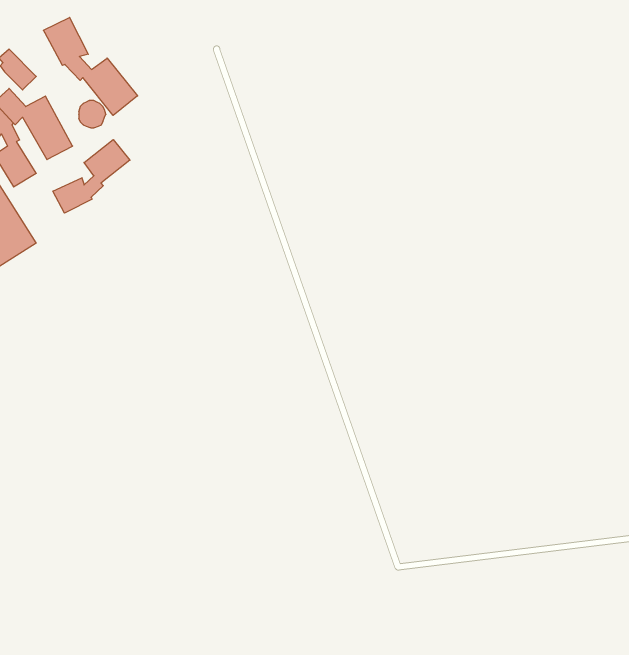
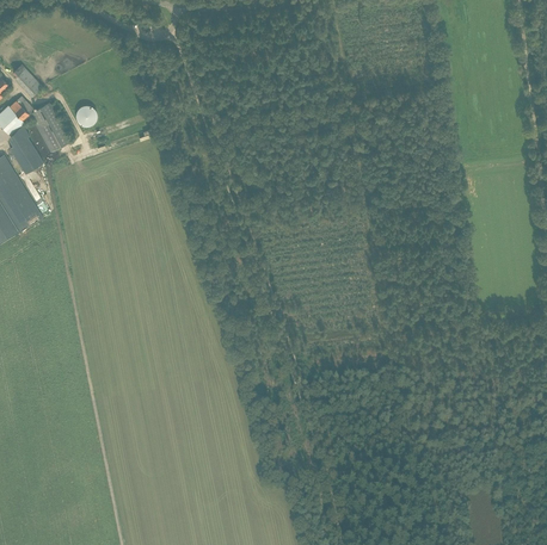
building: [43,17,138,115] -> none
building: [53,140,130,213] -> none

